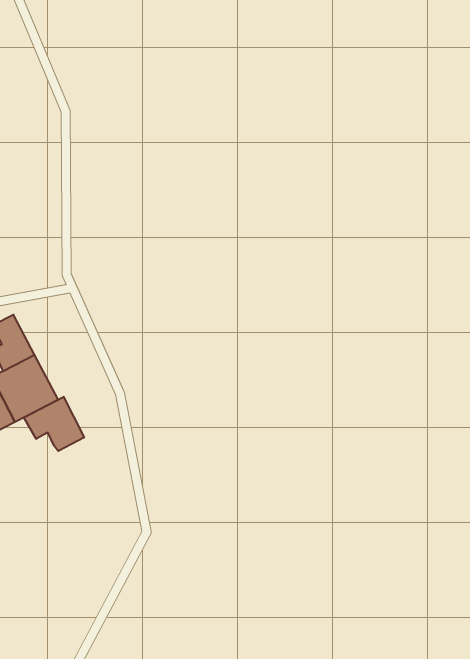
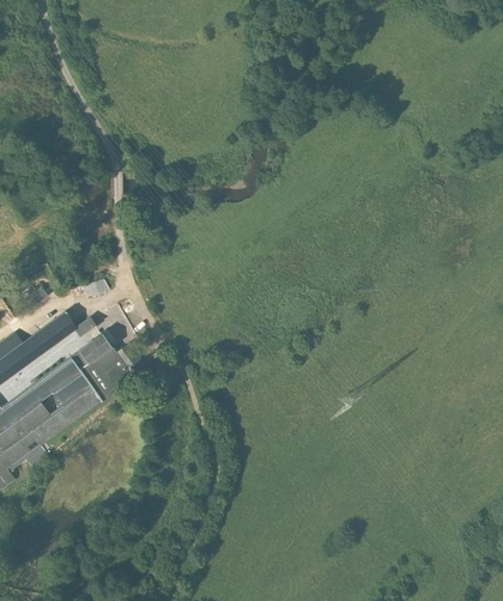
building: [24,397,84,451] -> none

